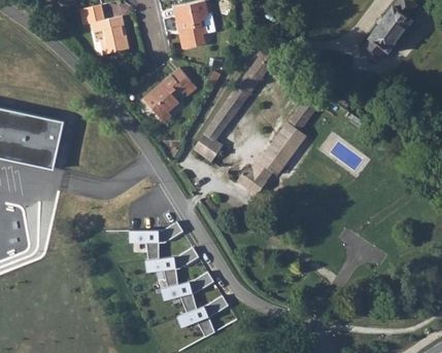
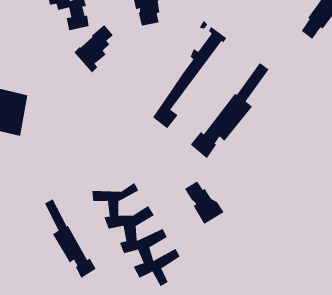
building: [144,67,190,122] -> [73,24,114,74]
building: none -> [184,180,224,225]
building: none -> [44,199,97,279]

